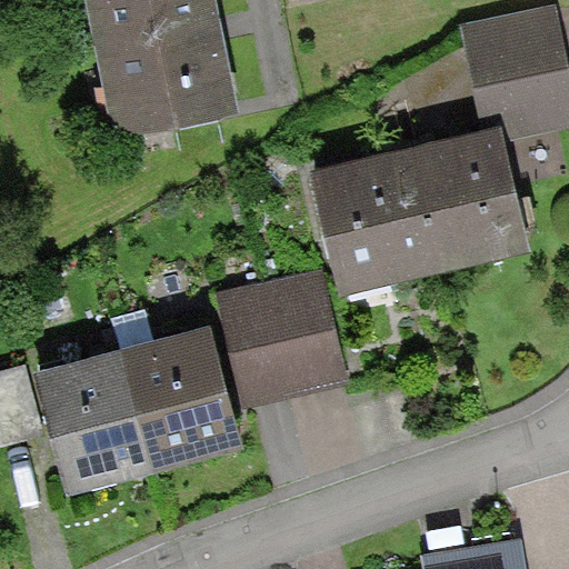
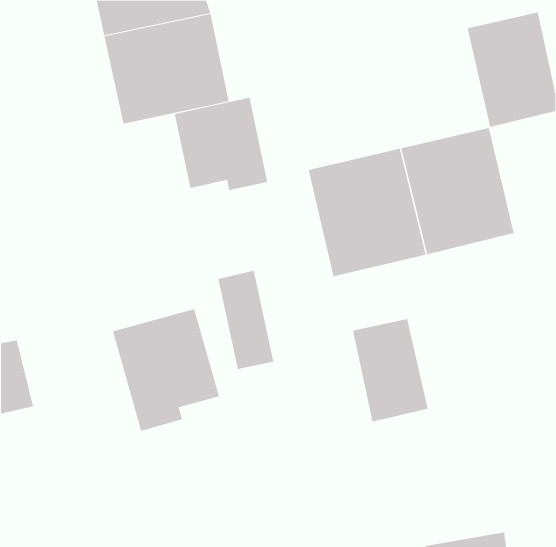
building: none -> [174,97,268,191]
building: [260,273,338,379] -> [352,319,428,422]
building: [32,348,143,465] -> none

